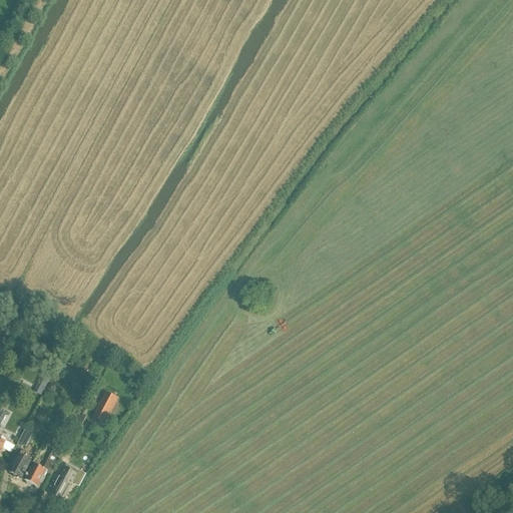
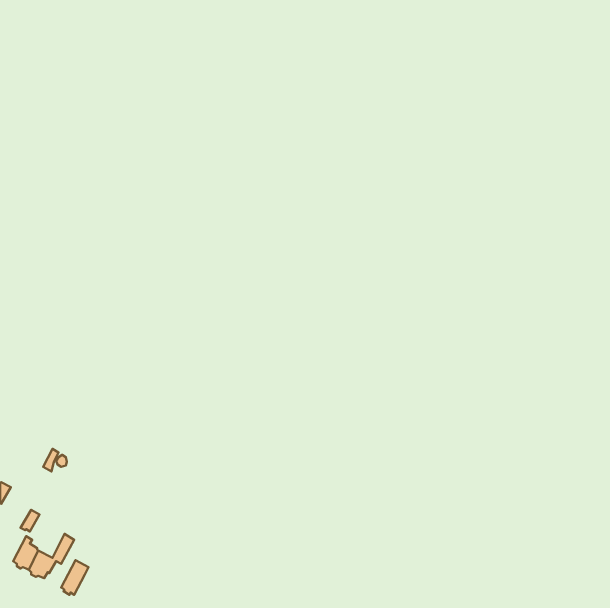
building: [93,389,119,421] -> none

